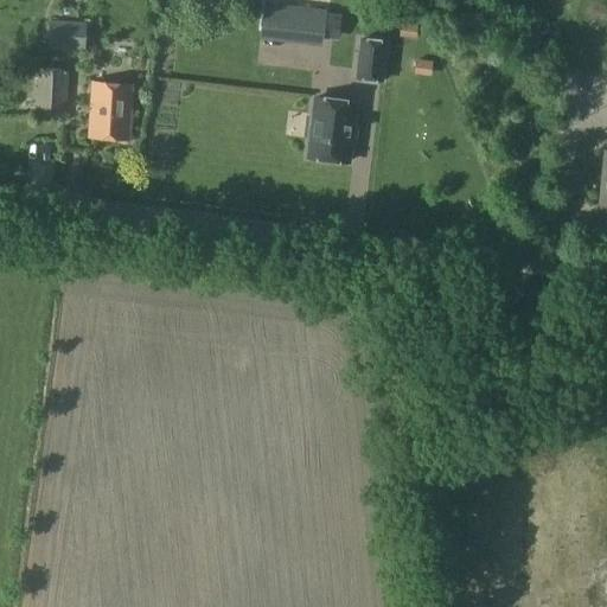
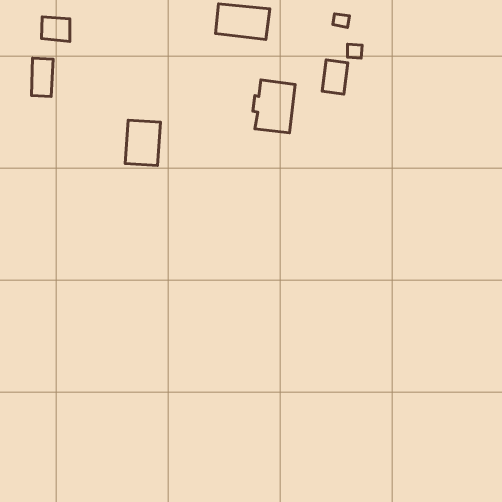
building: [357,38,388,79] -> [322,60,348,94]
building: [90,83,133,138] -> [125,120,161,165]

